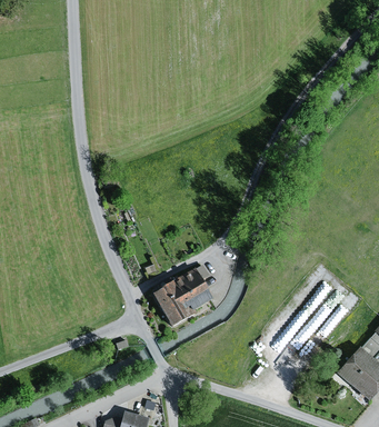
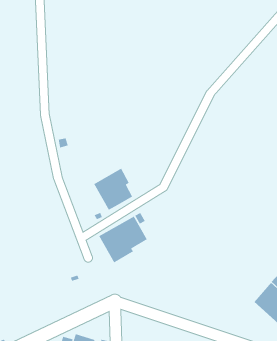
building: none -> [93,168,133,211]

